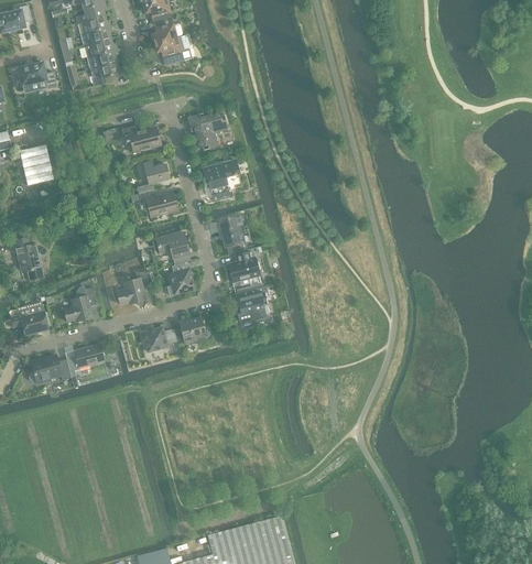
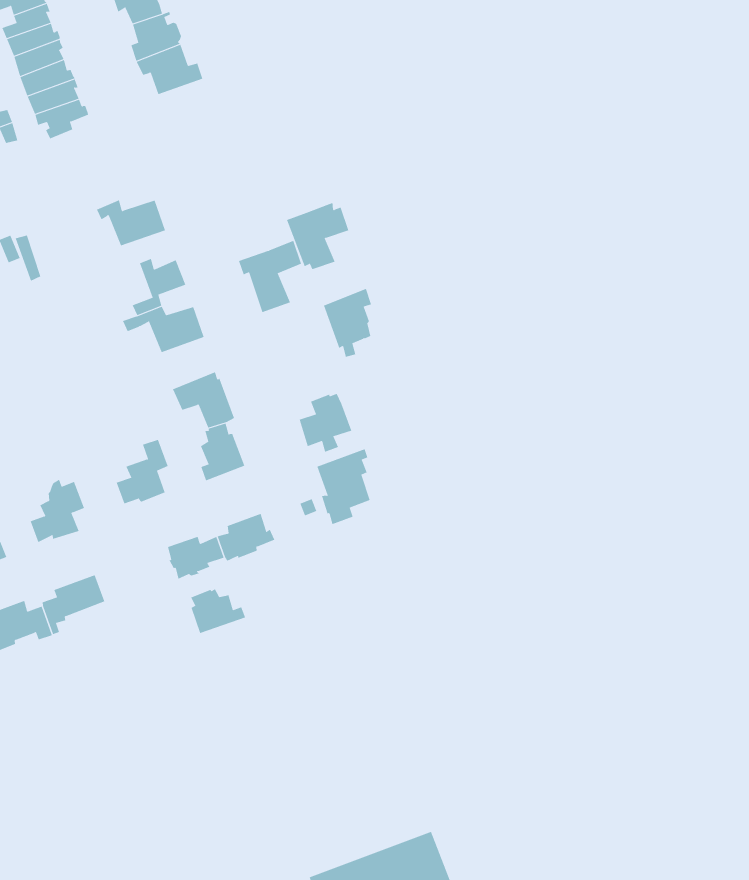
building: [191,111,227,150] -> [286,202,349,270]
building: [217,214,246,253] -> [323,288,372,358]
building: none -> [190,588,246,634]

